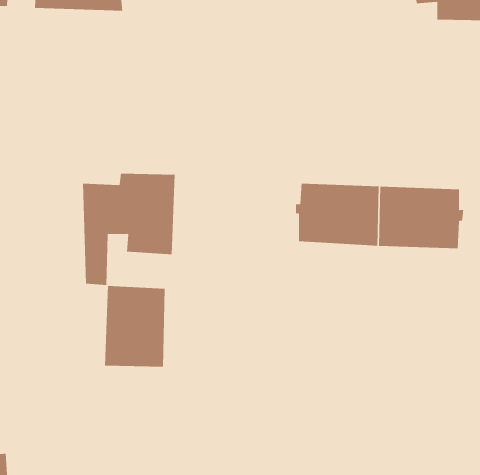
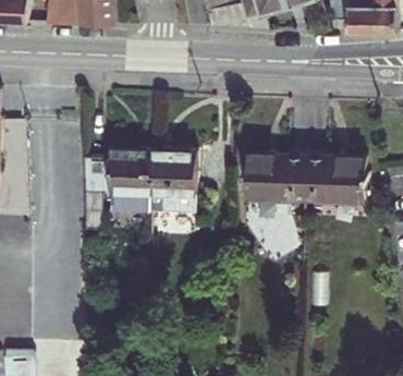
building: [104,285,165,367] -> [150,148,196,209]

